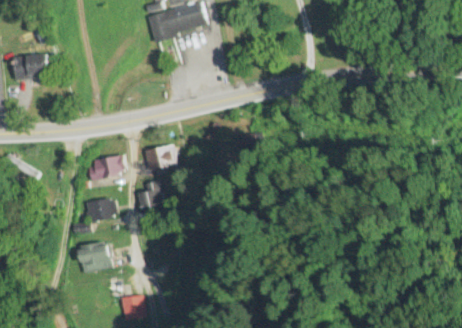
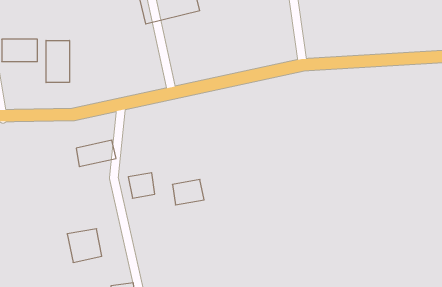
building: none -> [46,40,69,83]
building: [145,145,176,170] -> [172,179,204,205]
building: [86,197,117,221] -> none

